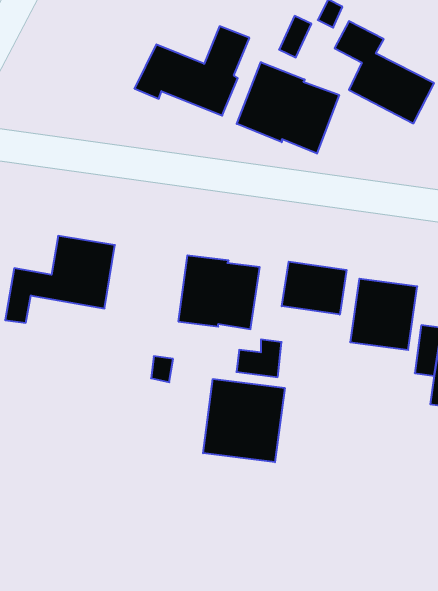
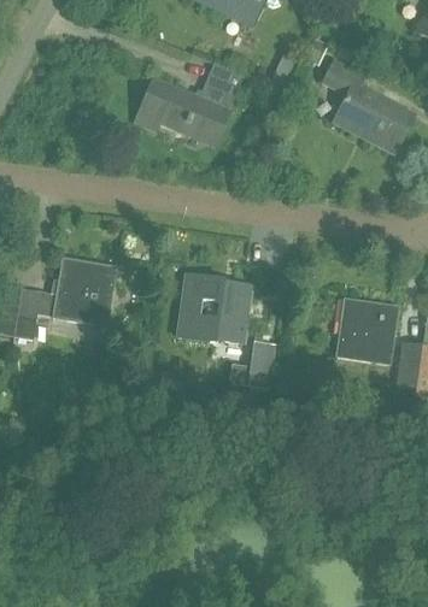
building: [237,62,339,154] -> none
building: [282,262,347,315] -> none
building: [203,379,285,462] -> none

